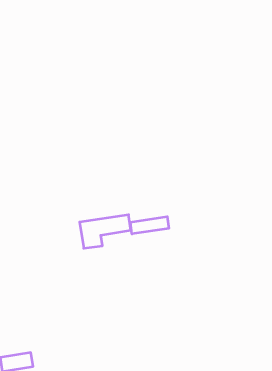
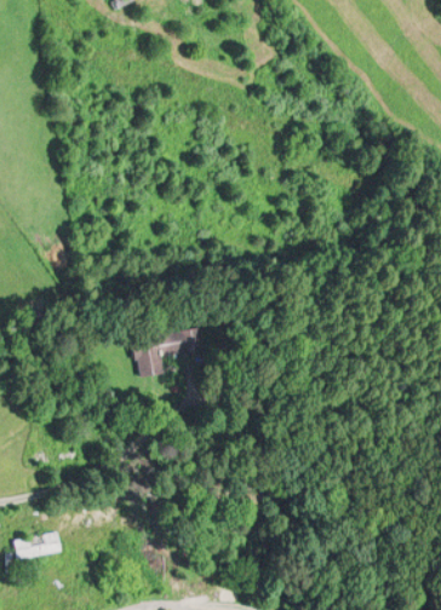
building: [130,217,169,234] -> none

